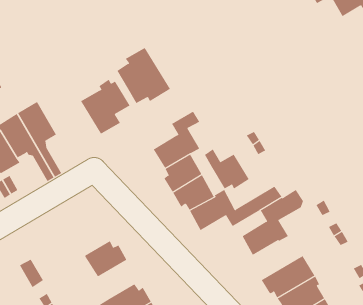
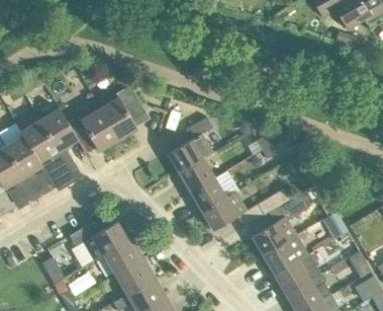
building: [116,47,171,104] -> [67,100,118,154]
building: [204,149,250,190] -> none
building: none -> [69,222,127,260]
building: none -> [262,236,307,278]
building: none -> [115,258,152,295]

